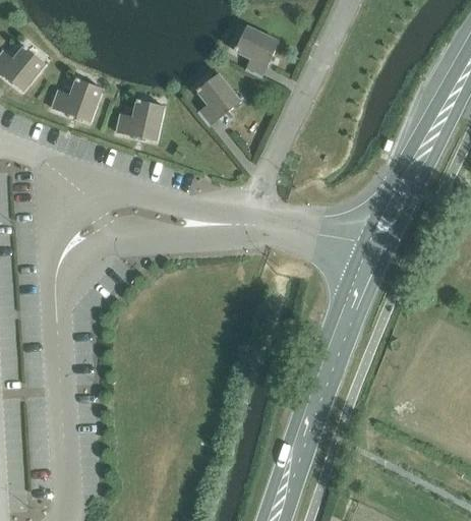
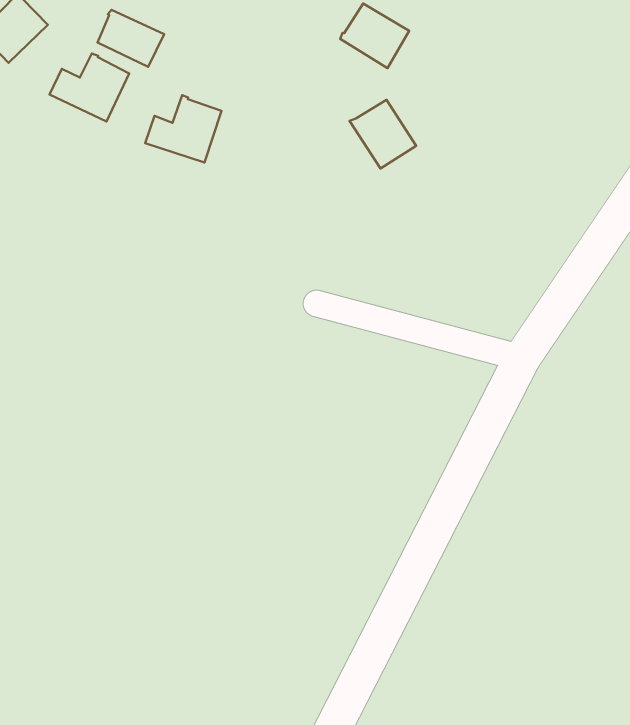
building: none -> [98,10,164,67]
building: [195,73,240,118] -> [349,100,416,169]

